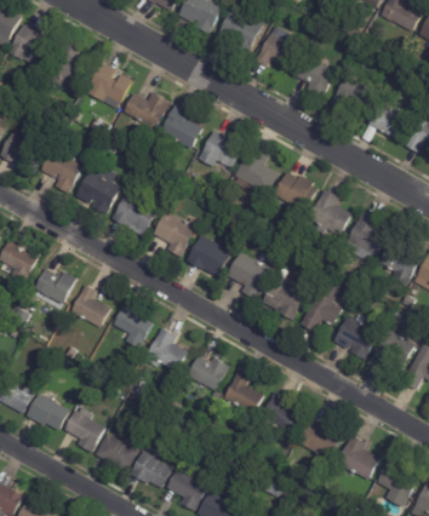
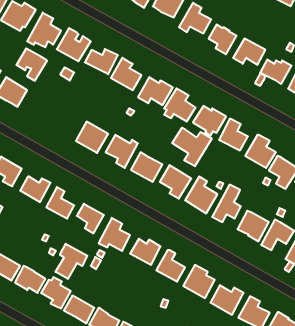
building: [40,147,82,191] -> [16,48,47,81]
building: [75,166,120,212] -> none
building: none -> [172,128,212,166]
building: none -> [55,244,87,279]

